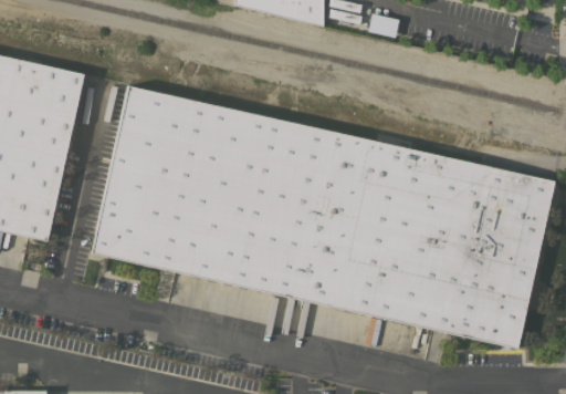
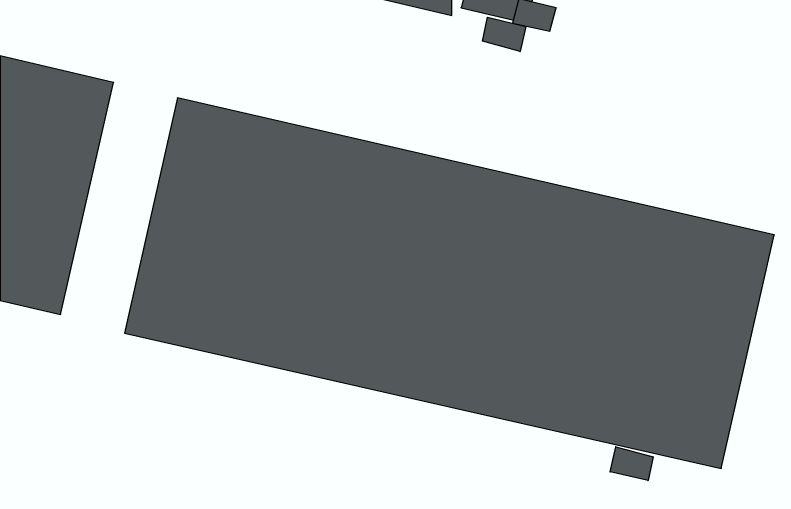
building: none -> [482,17,526,52]
building: none -> [610,447,653,481]

